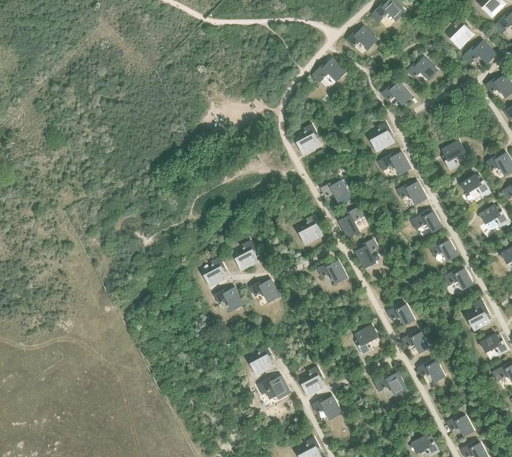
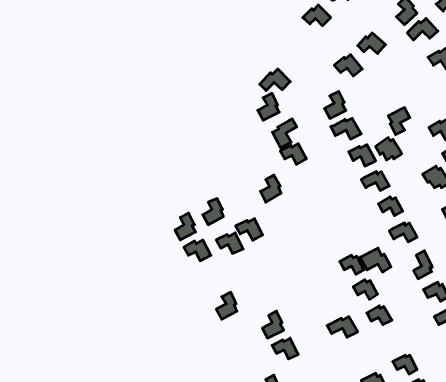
building: [312,58,346,82] -> [260,69,290,91]
building: [461,174,490,199] -> [376,138,402,160]
building: [338,206,365,238] -> [272,119,297,148]
building: [355,239,378,269] -> none
building: [317,260,347,284] -> [236,219,263,240]
building: none -> [360,248,391,272]
building: [355,325,378,354] -> none
building: [257,375,290,399] -> none

